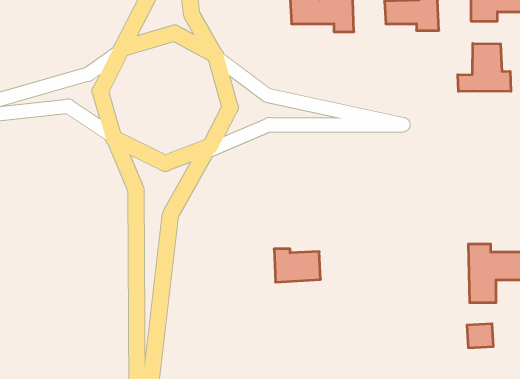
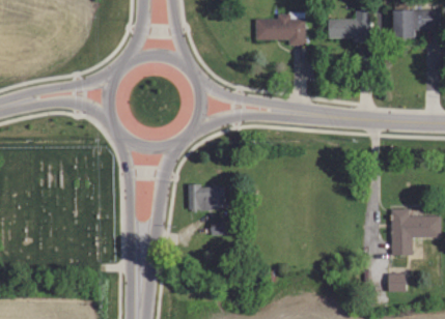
building: [458,43,511,91] -> none
building: [274,249,321,282] -> [188,185,224,211]

